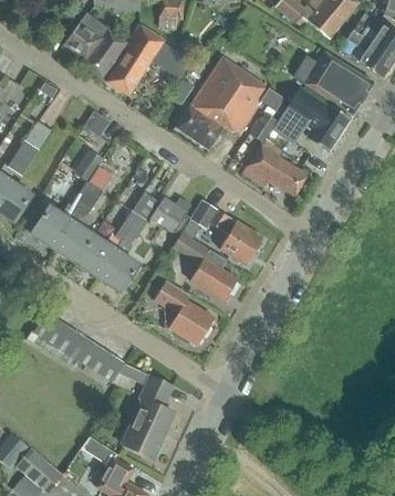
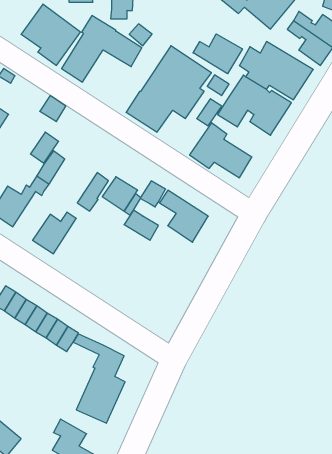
building: none -> [193,34,242,74]
building: [54,211,95,263] -> none
building: [97,223,138,292] -> none
building: [190,250,238,302] -> none
building: [154,281,214,345] -> none

